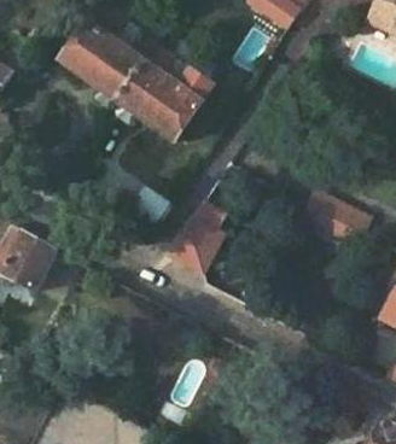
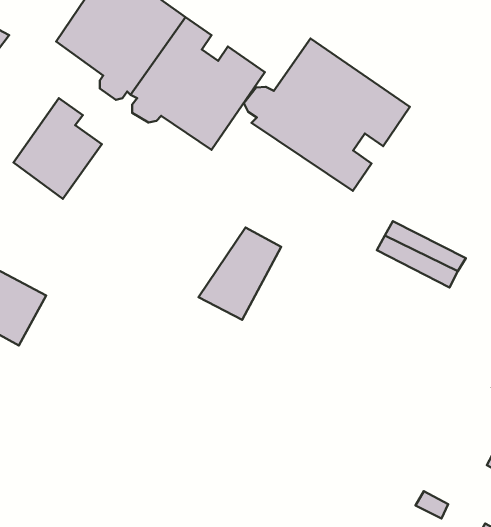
building: none -> [244,38,410,191]
building: none -> [14,98,102,199]

